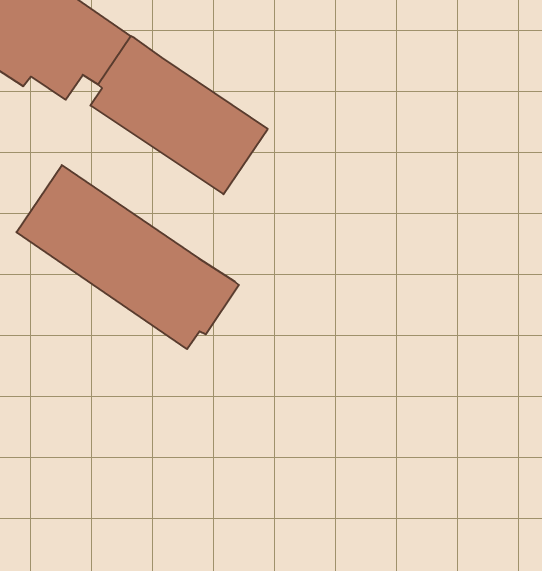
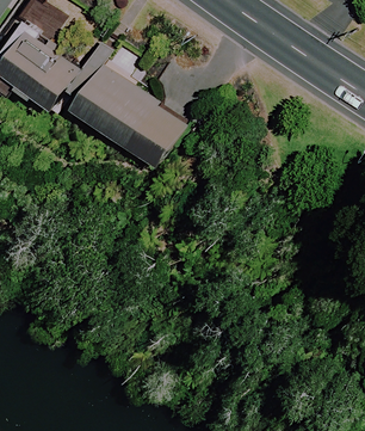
building: [16,165,239,349] -> none

